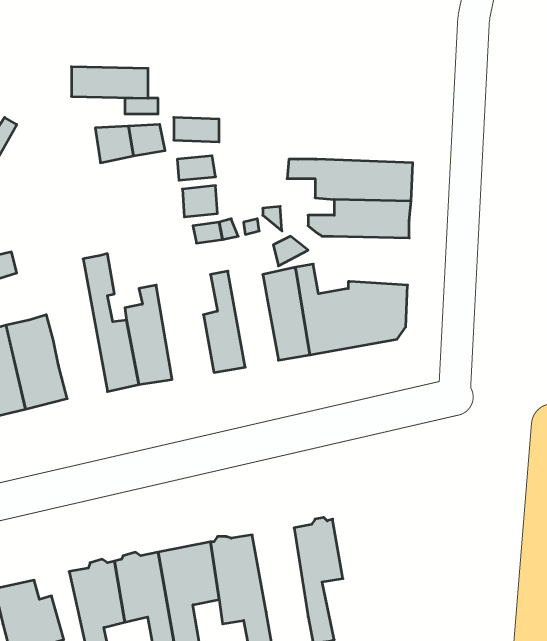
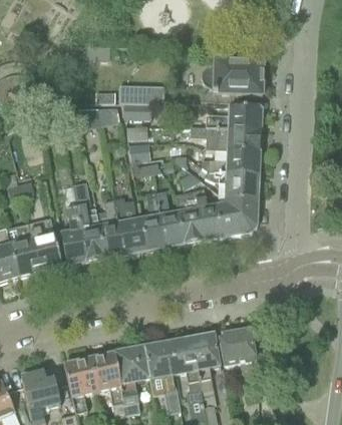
building: none -> [202,58,263,94]
building: [71,67,148,98] -> [120,85,164,103]
building: none -> [206,105,263,129]
building: none -> [204,169,260,199]
building: none -> [57,184,86,264]
building: none -> [155,189,185,247]
building: none -> [114,197,147,254]
building: none -> [220,328,260,383]
building: none -> [169,338,202,393]

